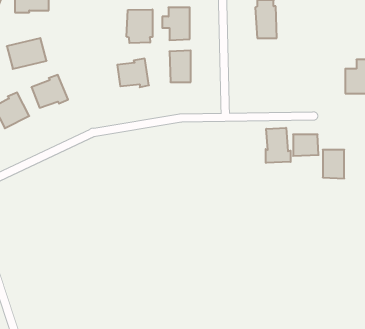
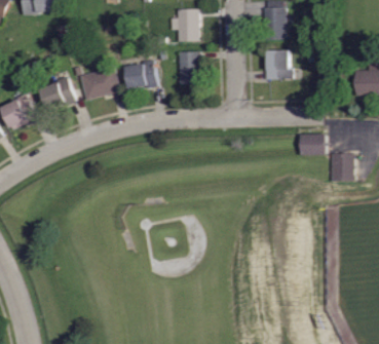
building: [127,9,152,43] -> none
building: [7,38,47,69] -> [79,68,119,99]
building: none -> [265,49,293,79]
building: [266,128,291,163] -> none

